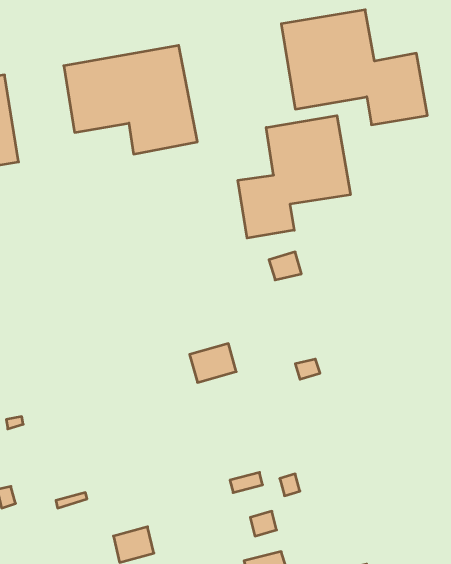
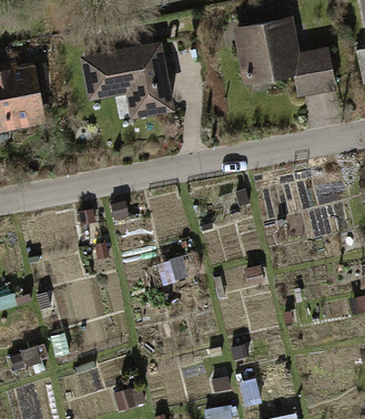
building: [238,116,350,238] -> none

